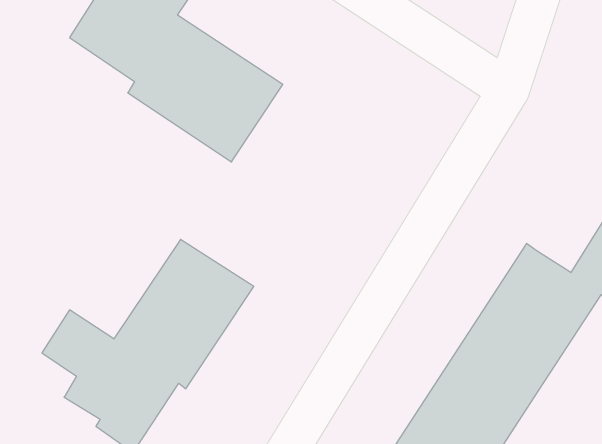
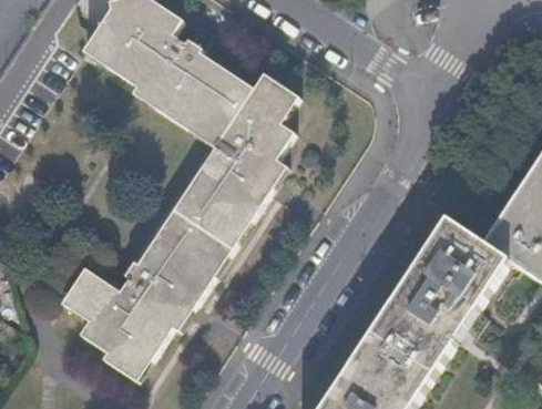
building: none -> [172,73,296,248]

